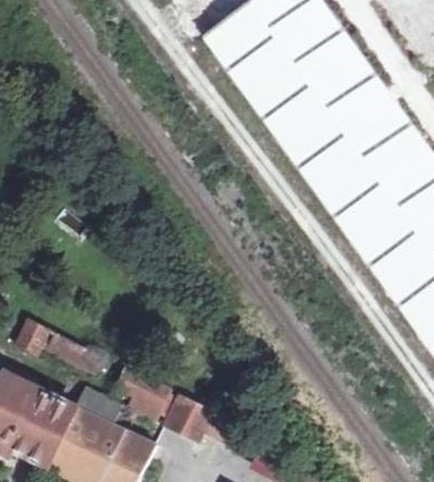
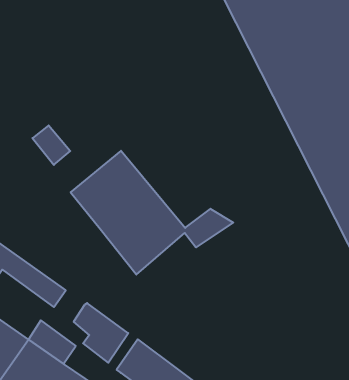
building: none -> [71,151,233,275]

